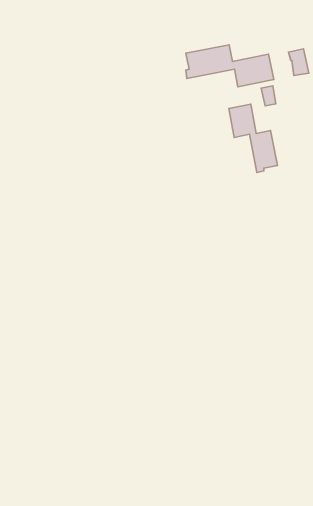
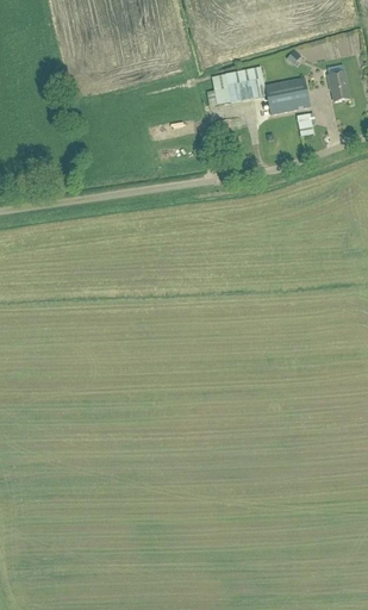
building: [229,104,277,173] -> none

